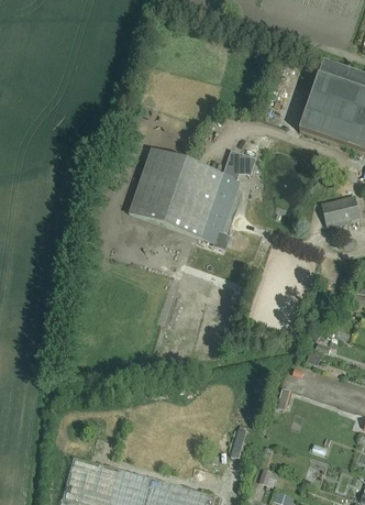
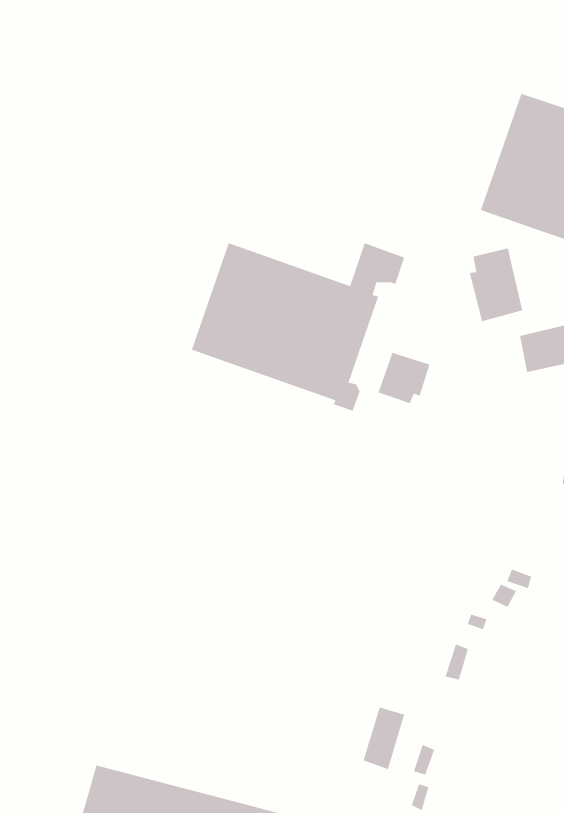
building: none -> [469,248,523,322]
building: none -> [377,352,431,404]

